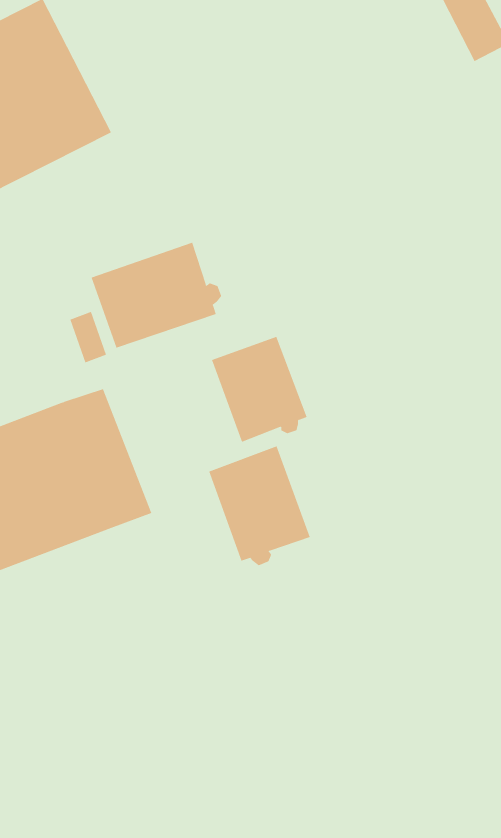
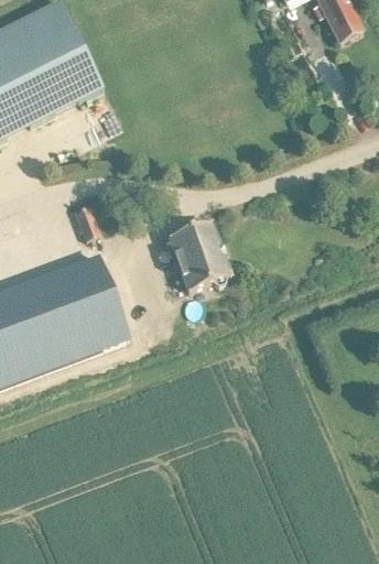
building: [91,242,222,348] -> none
building: [209,446,311,566] -> none

